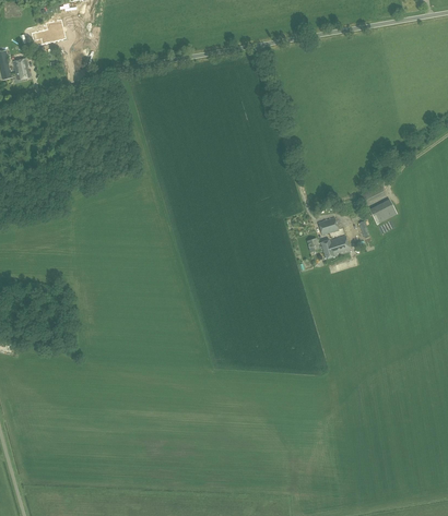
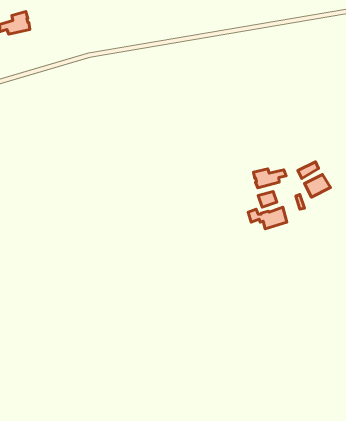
building: none -> [253,169,286,188]

